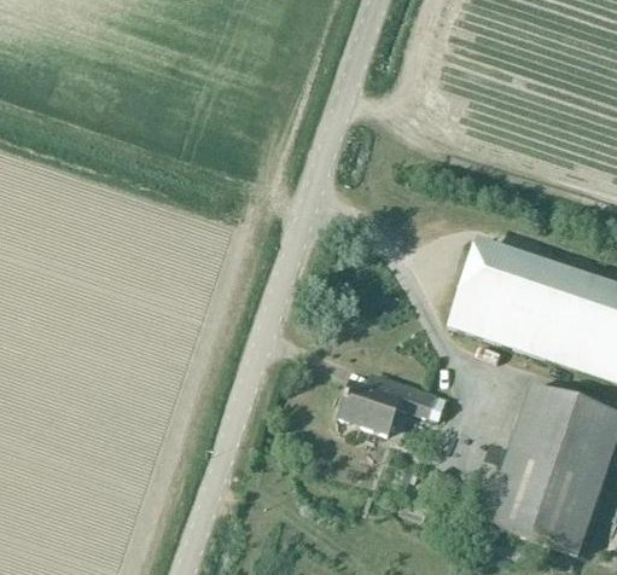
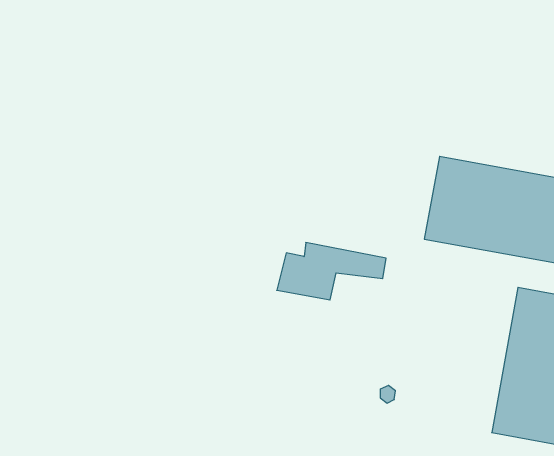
building: [337,373,448,432] -> [277,243,386,300]

